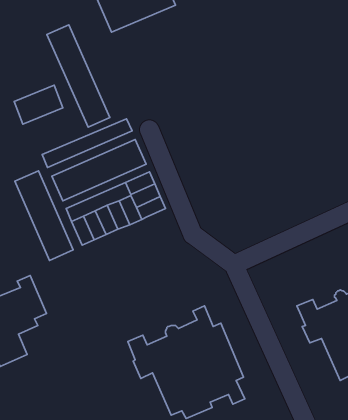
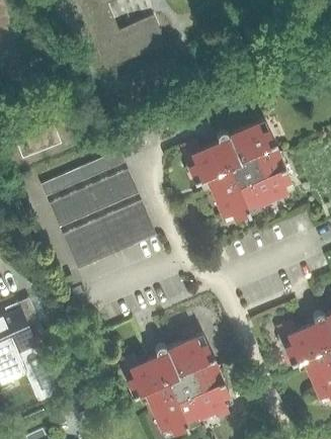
building: [47,25,110,127] -> none
building: none -> [182,122,291,220]
building: [15,171,73,260] -> none

